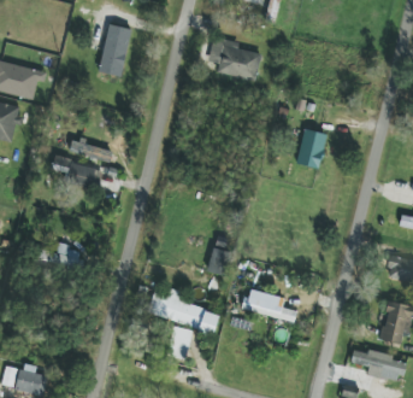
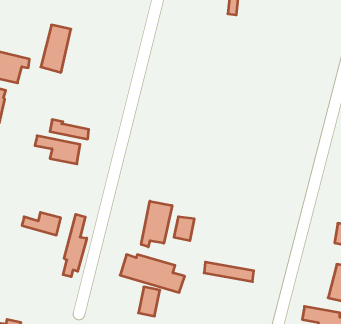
building: [98,24,131,77] -> [41,25,71,72]
building: [208,37,260,80] -> none
building: [296,129,326,169] -> none
building: none -> [141,201,172,247]
building: none -> [63,214,87,277]

